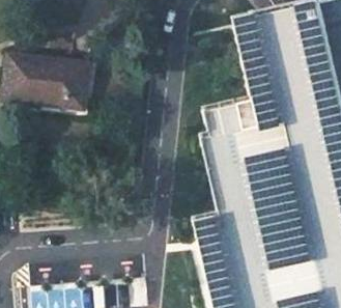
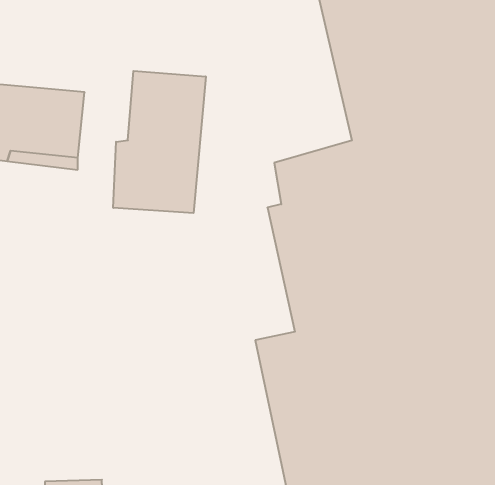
building: none -> [113,71,206,213]

